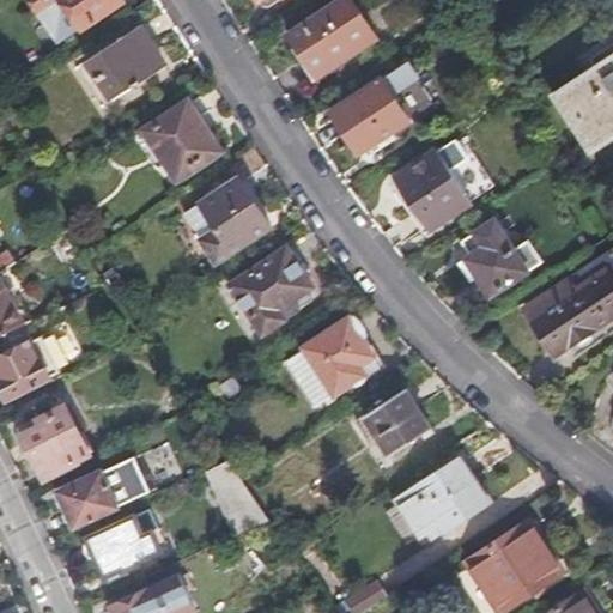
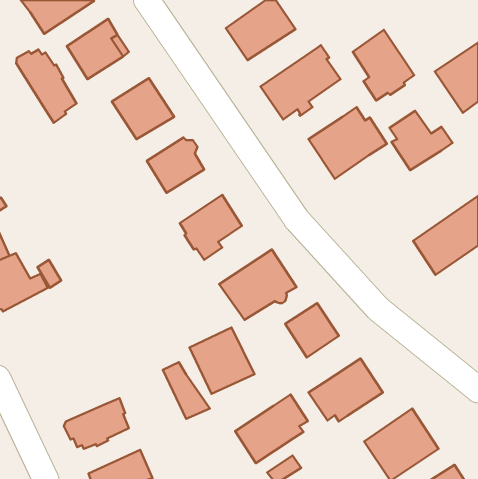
building: none -> [353,30,414,101]
building: none -> [16,49,77,123]
building: [462,219,542,295] -> [390,111,453,170]
building: [16,408,90,477] -> none
building: none -> [190,327,254,394]
building: [57,455,152,524] -> none
building: none -> [235,395,308,463]

